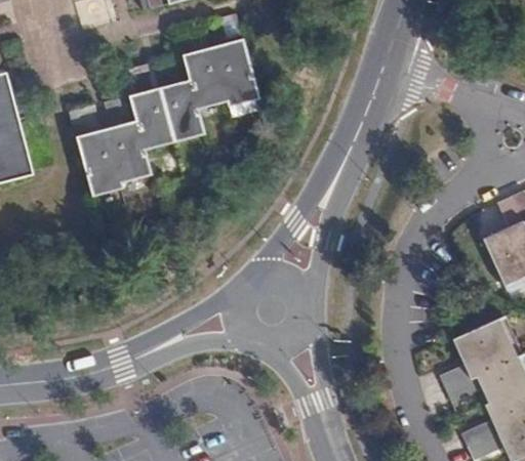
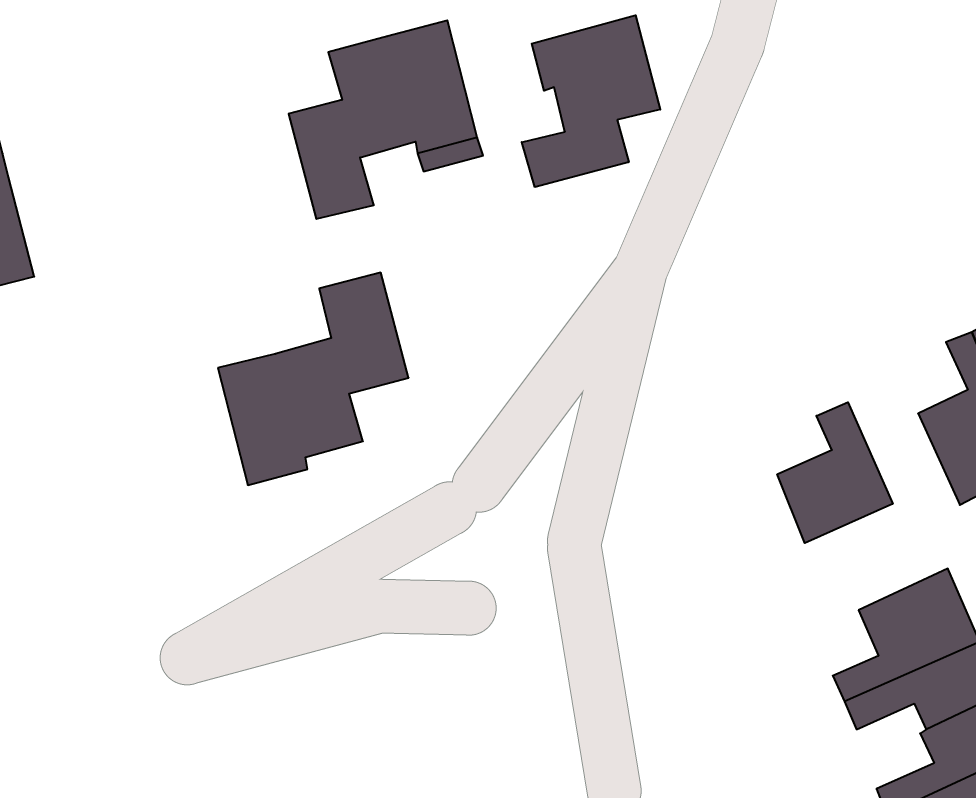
building: none -> [522,15,660,187]
building: [76,85,174,195] -> [218,273,409,485]
building: none -> [777,402,893,543]

